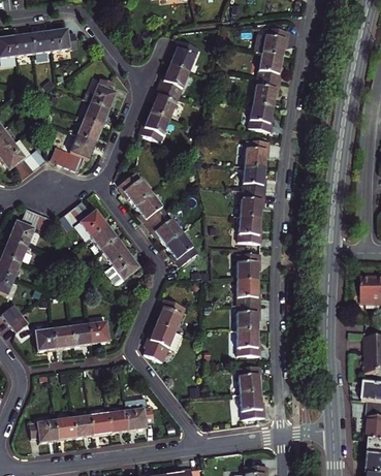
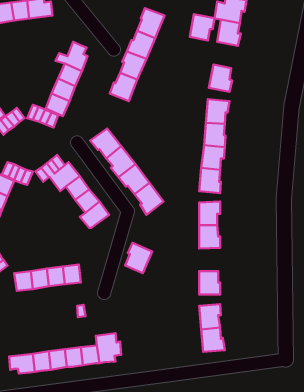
building: [253,77,280,106] -> [190,14,214,41]
building: [237,304,260,329] -> none
building: [144,323,184,361] -> none

